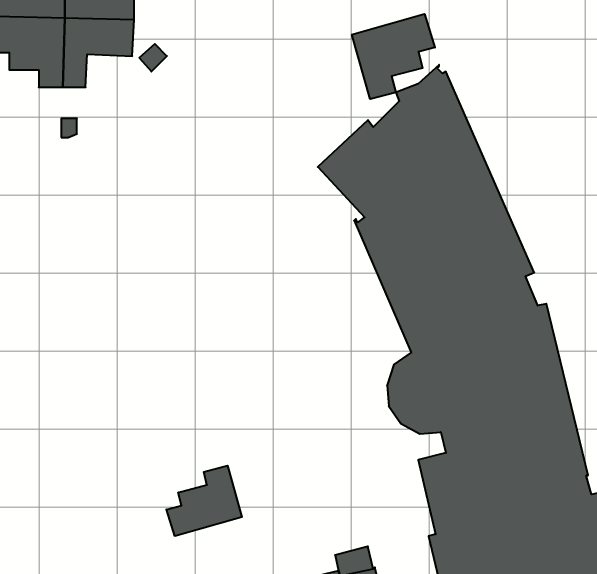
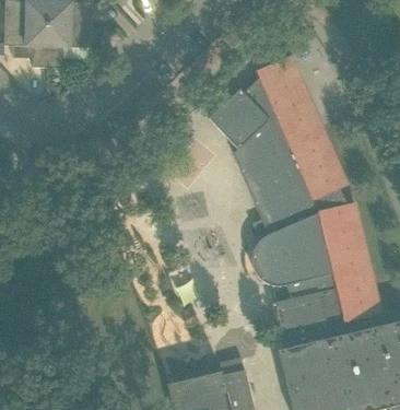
building: [352,14,435,99] -> none
building: [166,466,242,536] -> none

